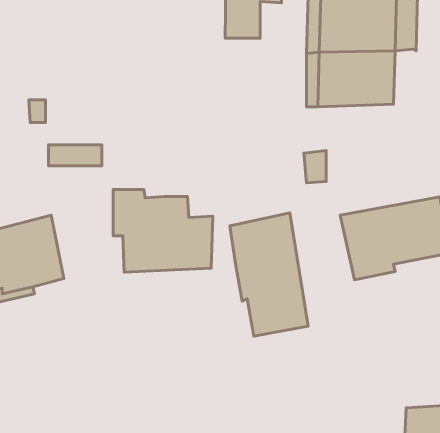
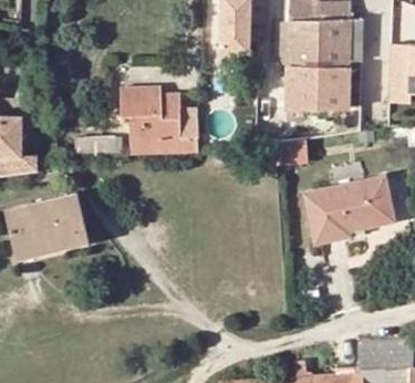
building: [113,189,213,272] -> [123,86,201,152]
building: [230,213,308,336] -> none

